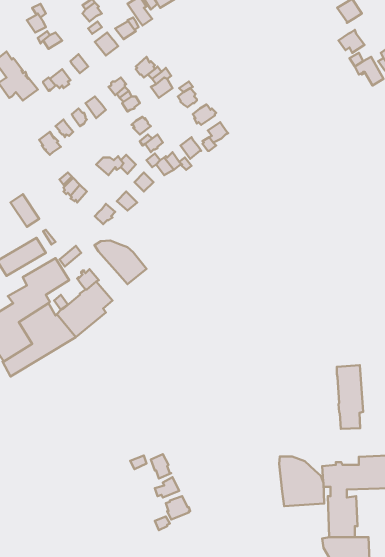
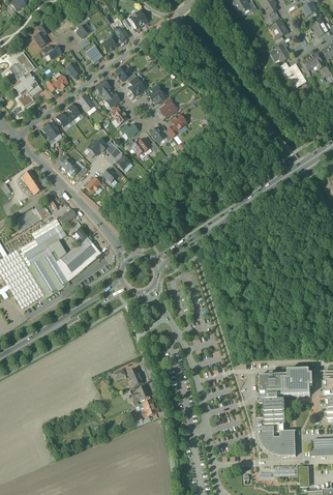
building: [94,240,146,284] -> none
building: [337,365,363,429] -> none
building: [279,456,324,506] -> none

